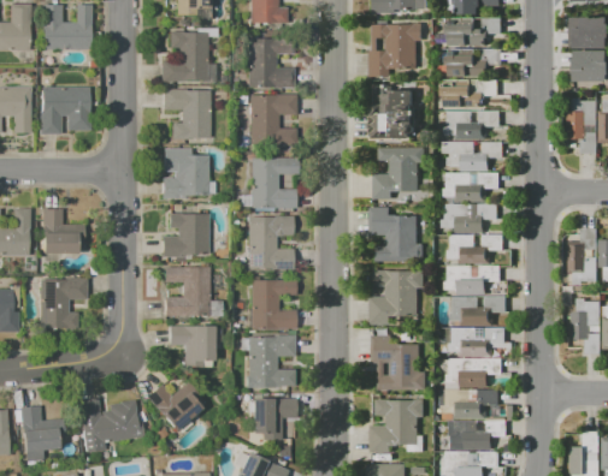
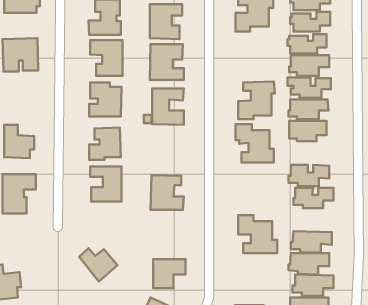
building: [371,89,415,139] -> none
building: [248,218,295,270] -> none
building: [449,234,506,263] -> none
building: [371,269,427,326] -> none
building: [170,326,214,368] -> none
building: [449,328,507,357] -> none
building: [248,337,296,385] -> none
building: [77,397,141,451] -> none
building: [371,399,426,452] -> none

